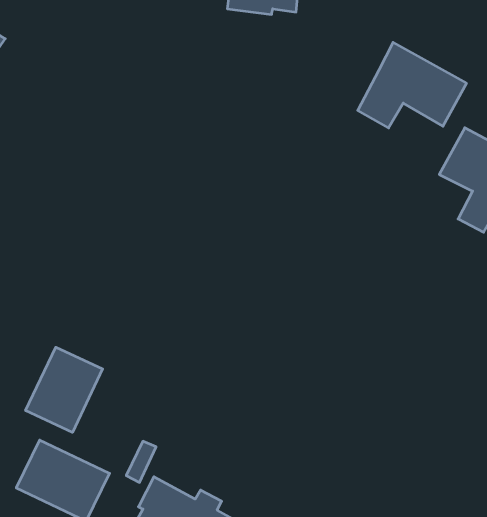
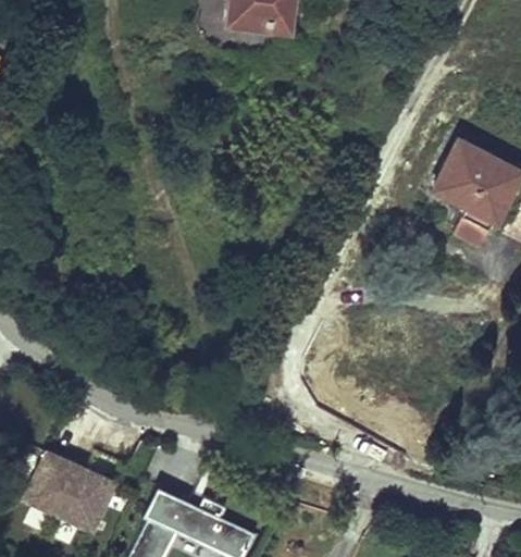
building: [358,42,466,128] -> none
building: [26,347,103,432] -> none

